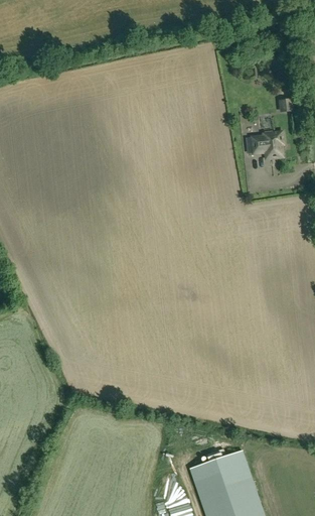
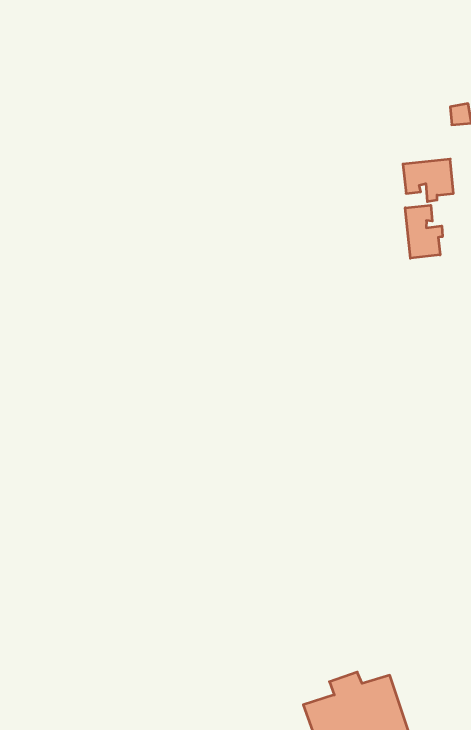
building: none -> [405,205,442,258]

